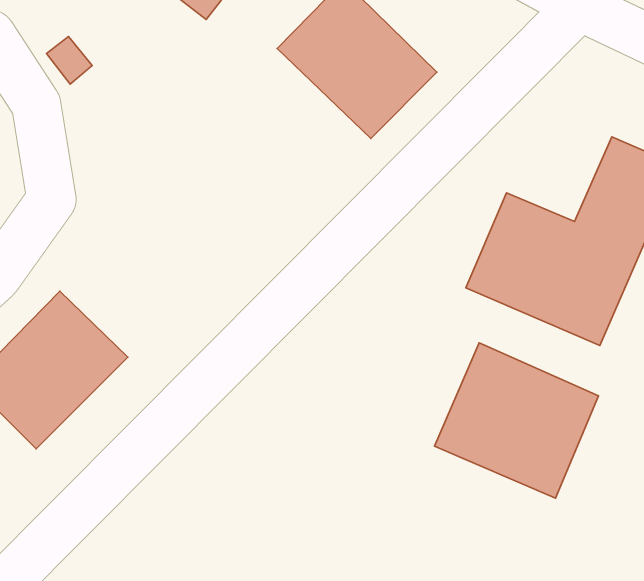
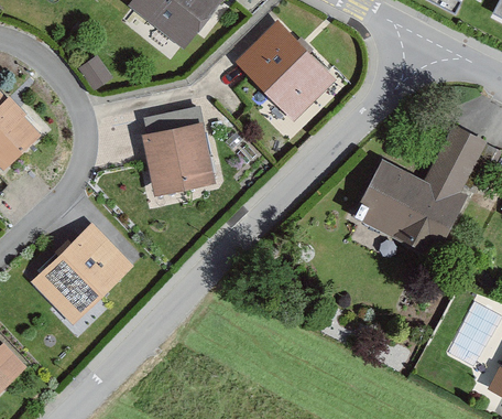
building: none -> [140,107,214,198]
building: [434,343,599,498] -> none

